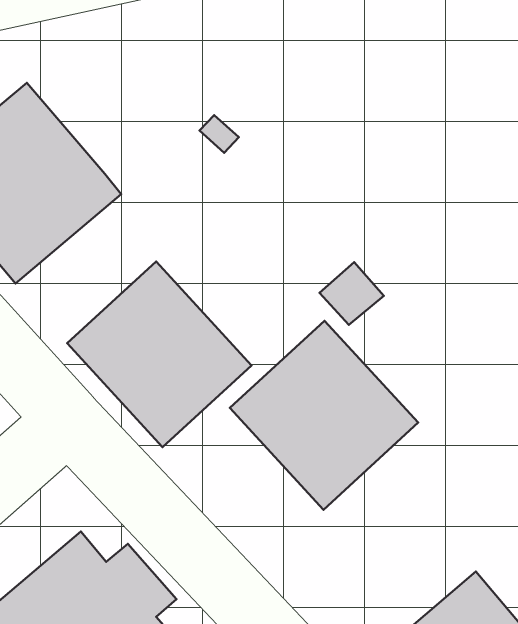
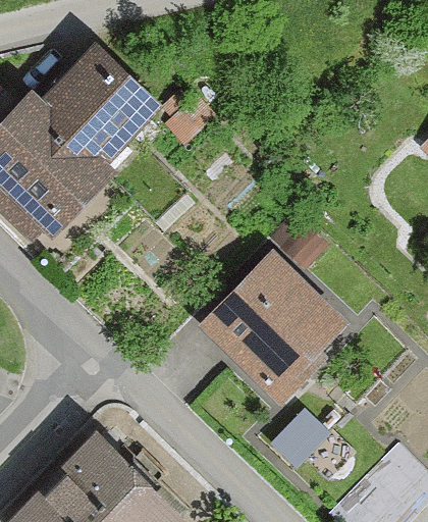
building: none -> [37,49,152,164]
building: [67,262,251,447] -> none

